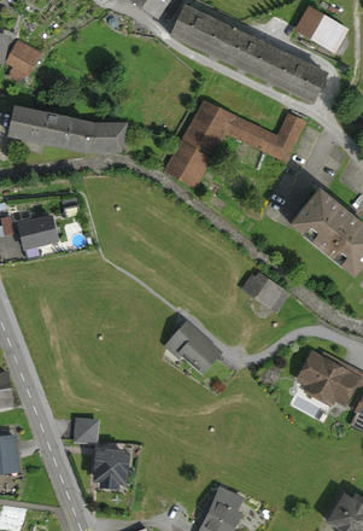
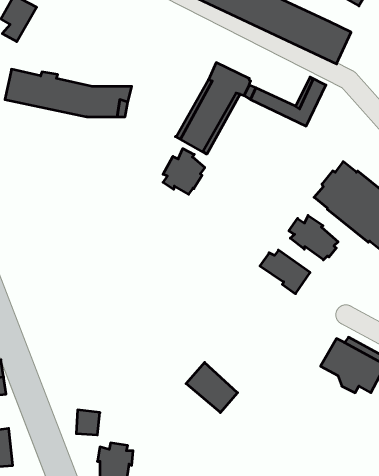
building: none -> [163,149,205,194]
building: [18,216,57,247] -> none
building: none -> [289,215,338,260]
building: [170,323,217,369] -> [186,362,238,413]

